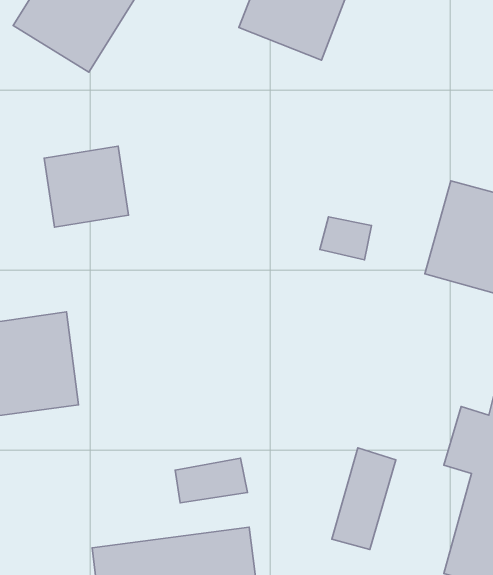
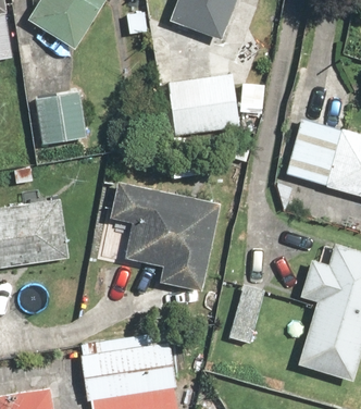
building: none -> [173,73,241,137]
building: none -> [109,182,219,293]

